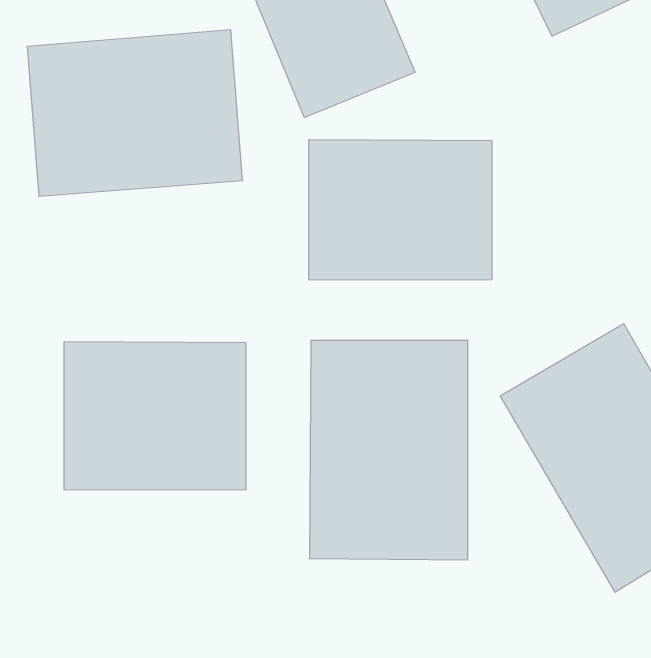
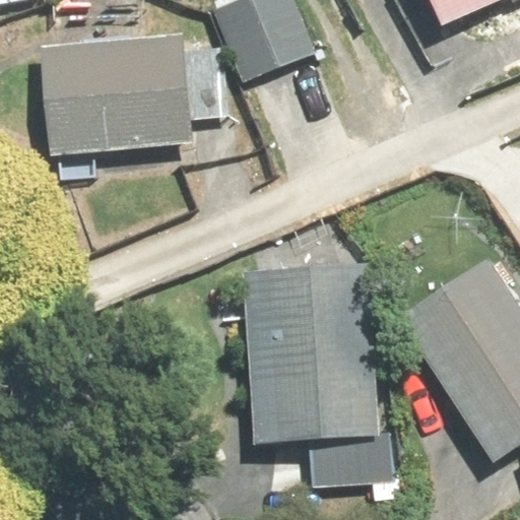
building: [309,139,492,280] -> none
building: [64,342,246,490] -> none

